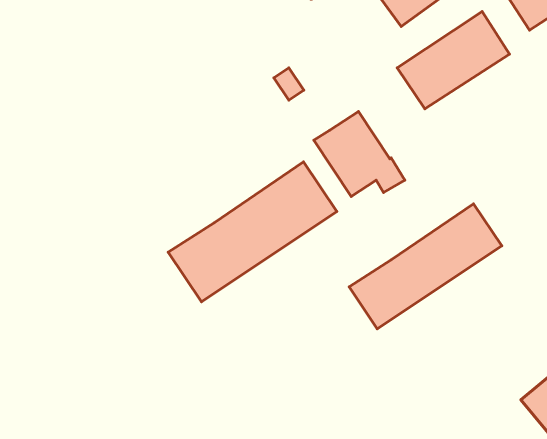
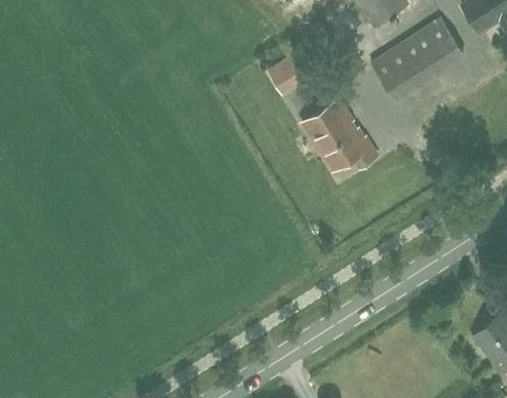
building: [168,162,337,302] -> none
building: [349,204,502,329] -> none

